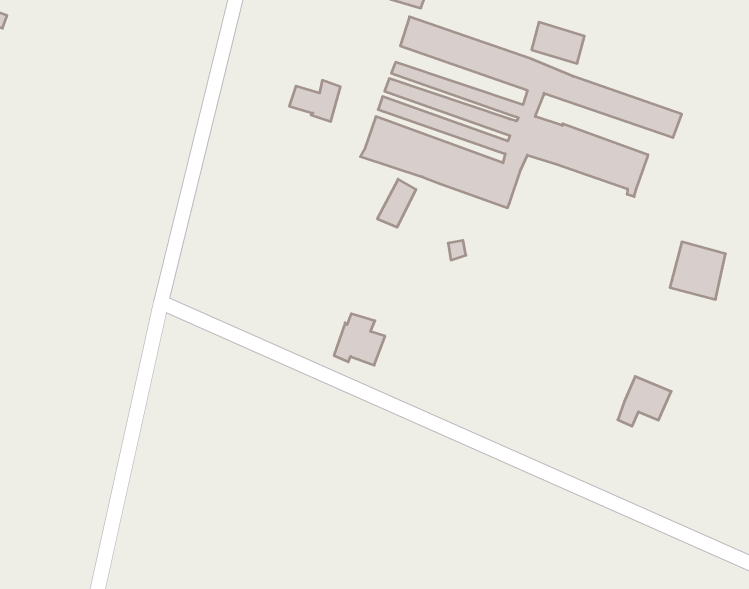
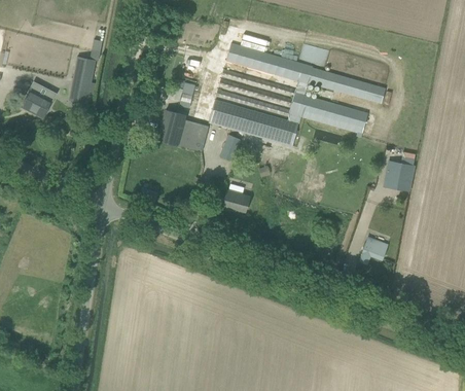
building: none -> [71,56,96,103]
building: none -> [23,82,51,116]
building: none -> [158,109,210,151]
building: [334,314,385,365] -> [223,183,251,211]

